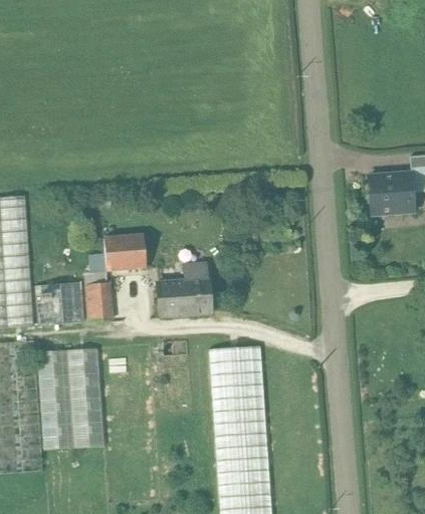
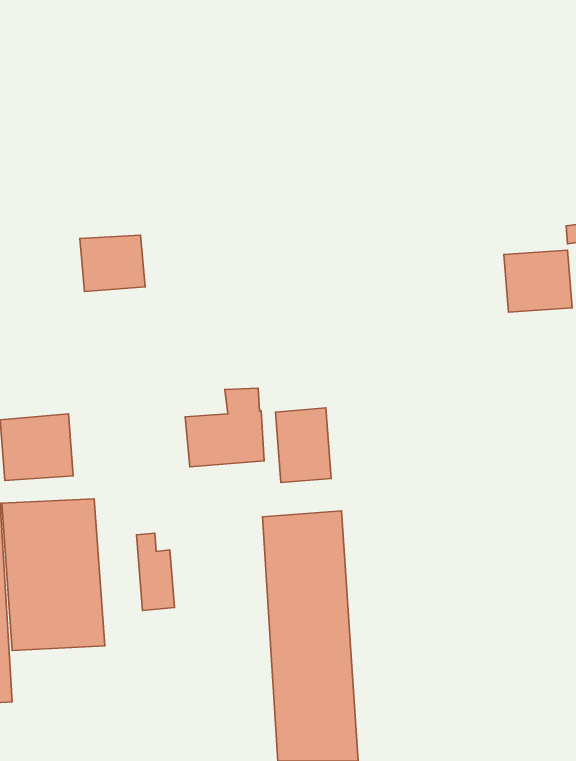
building: [104,231,148,268] -> [80,235,145,291]
building: [85,273,111,324] -> [137,533,174,611]
building: none -> [276,408,331,483]

